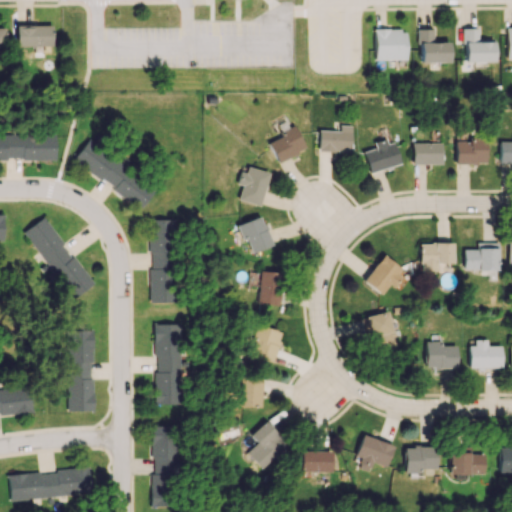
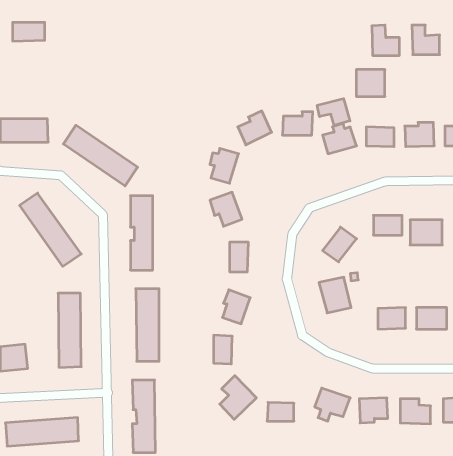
building: [376,30,408,60] -> [356,70,385,96]
building: none -> [317,99,350,125]

